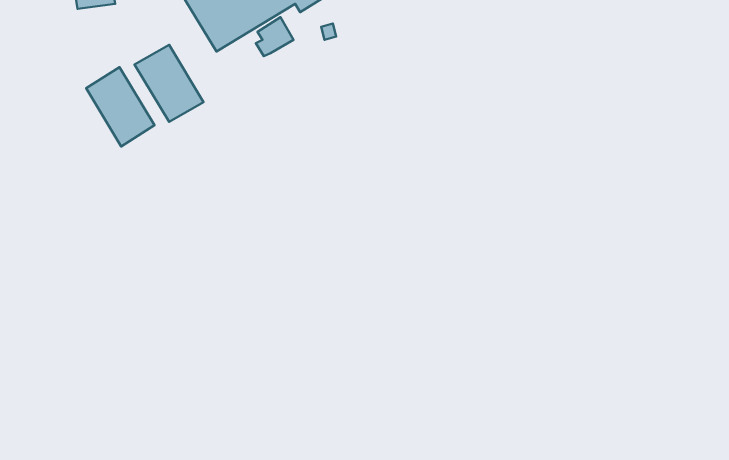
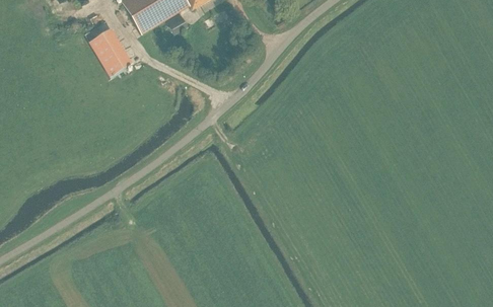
building: [86,67,155,146] -> none

